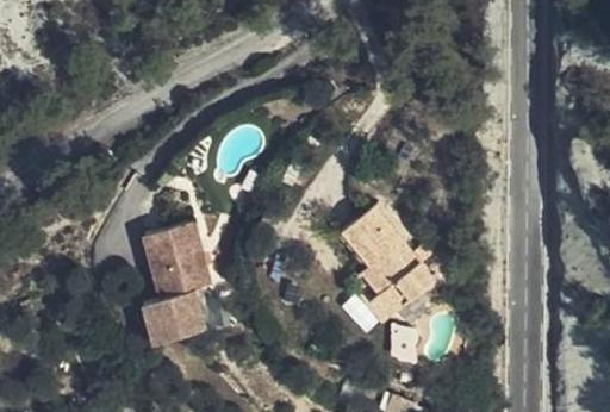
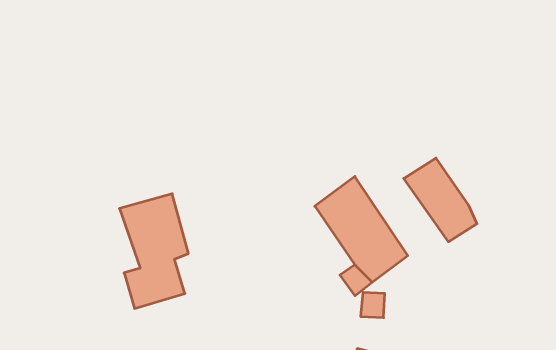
building: none -> [404,158,477,242]

